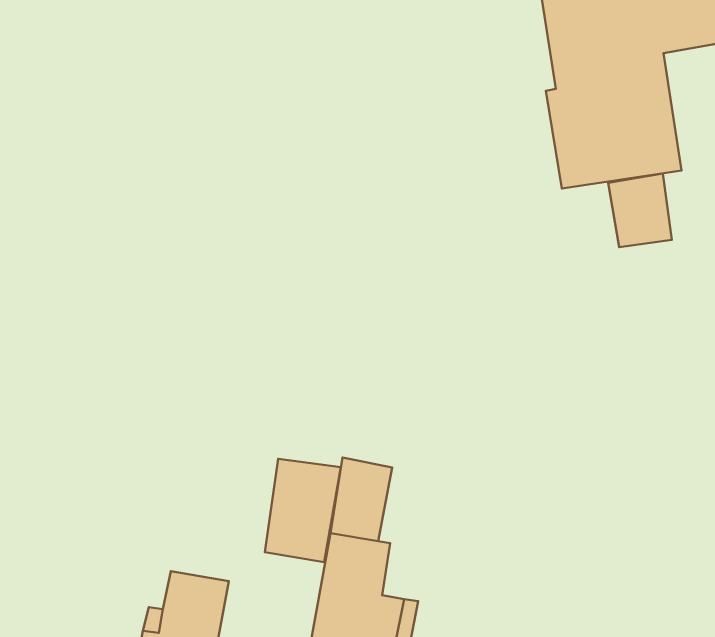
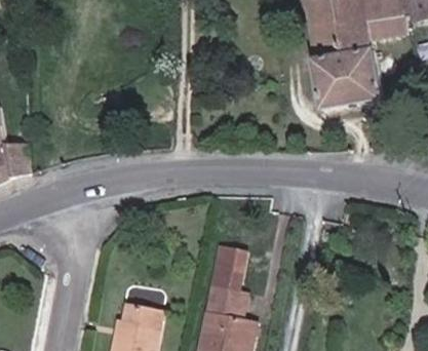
building: [608,173,672,247] -> none
building: [265,459,341,562] -> none

